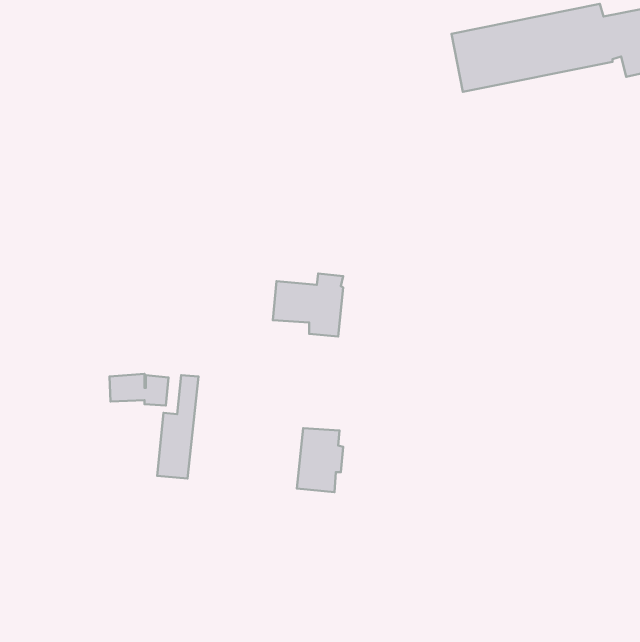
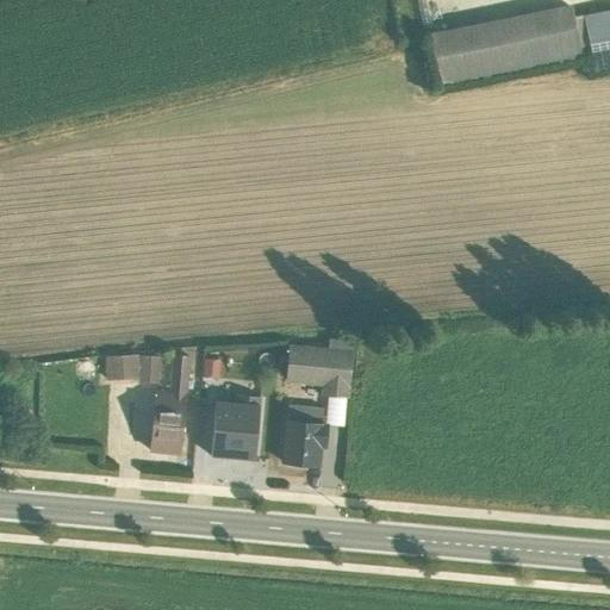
building: [273,274,343,336] -> [287,338,354,398]
building: none -> [211,396,261,460]

